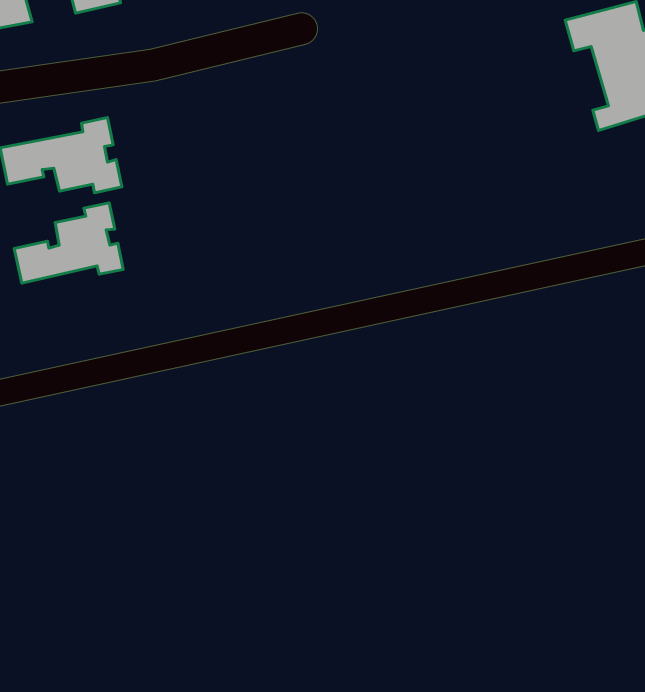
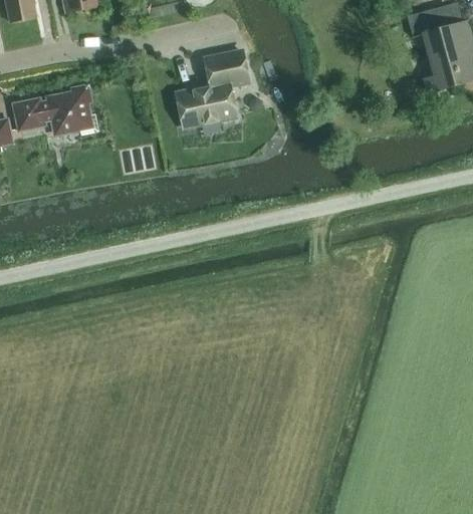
building: none -> [178,52,249,126]
building: [14,203,123,283] -> none

